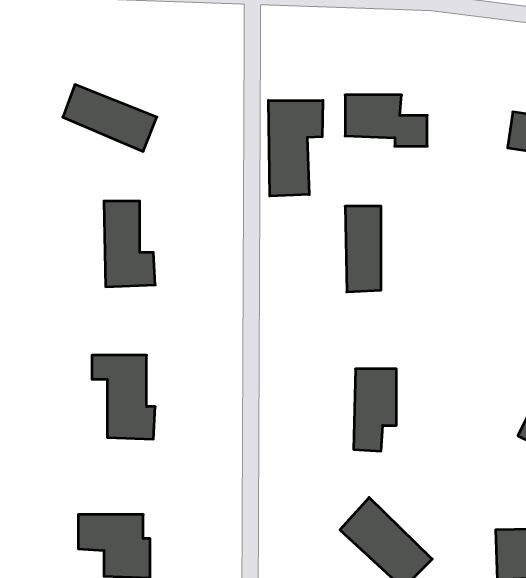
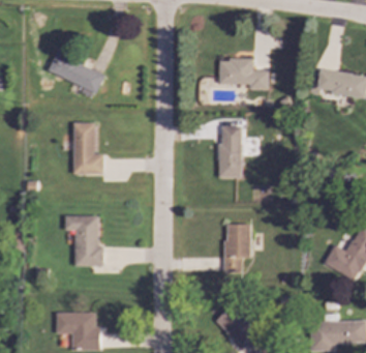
building: [268,100,323,196] -> none

